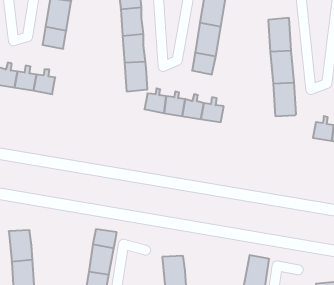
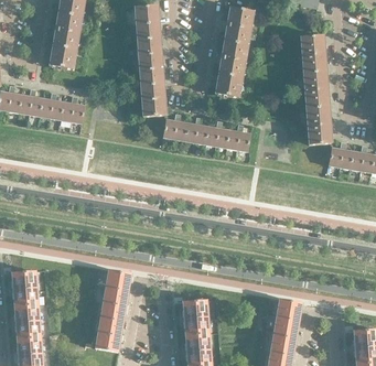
building: none -> [60,95,84,122]
building: none -> [329,140,353,168]

